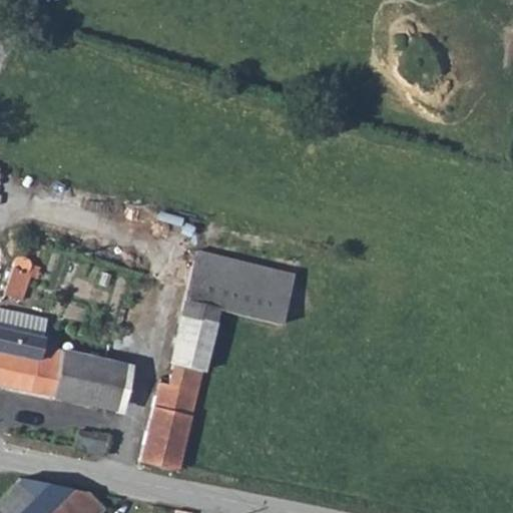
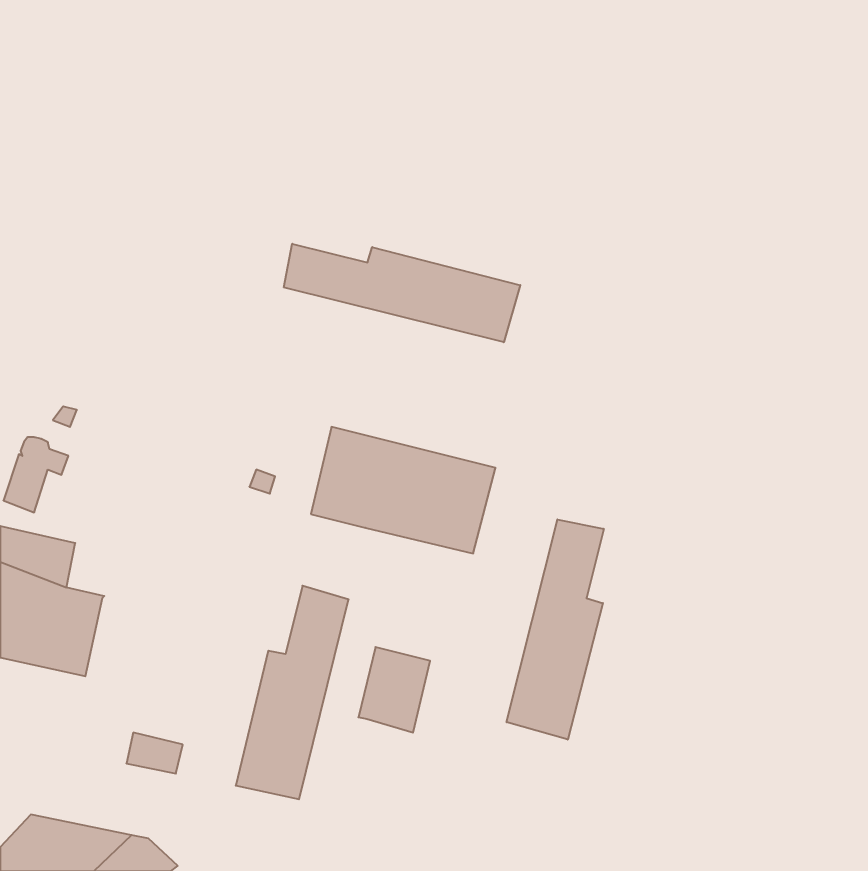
building: none -> [284,244,520,342]
building: [175,302,217,352] -> [358,647,430,733]
building: none -> [507,519,604,740]
building: [53,351,121,409] -> none

